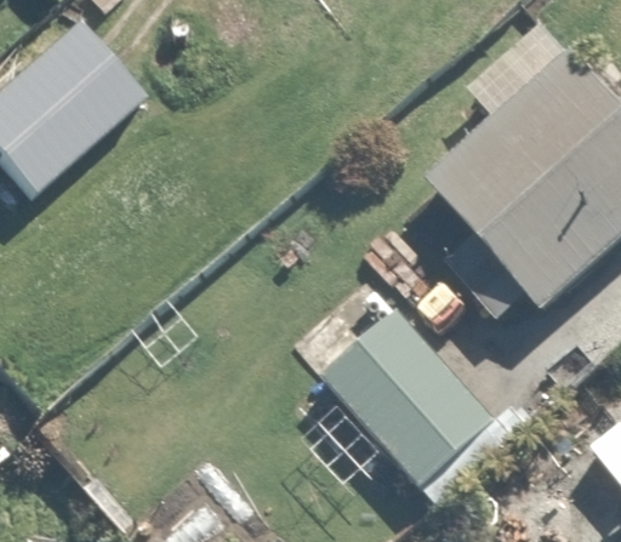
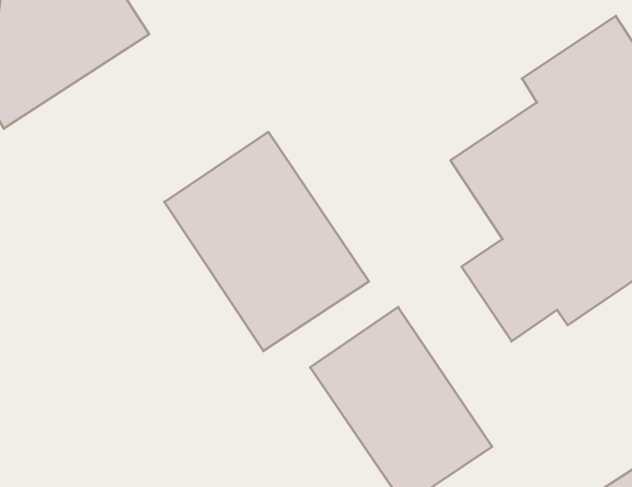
building: none -> [164,132,369,351]

